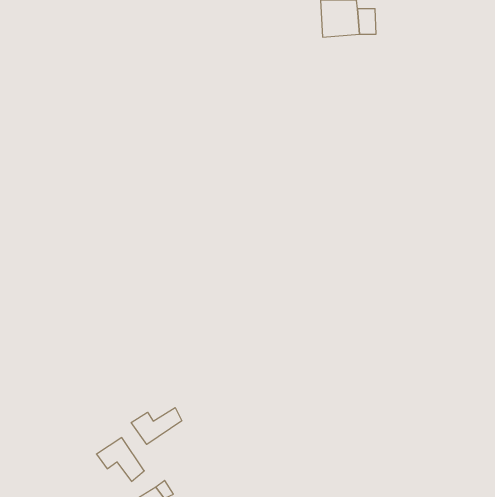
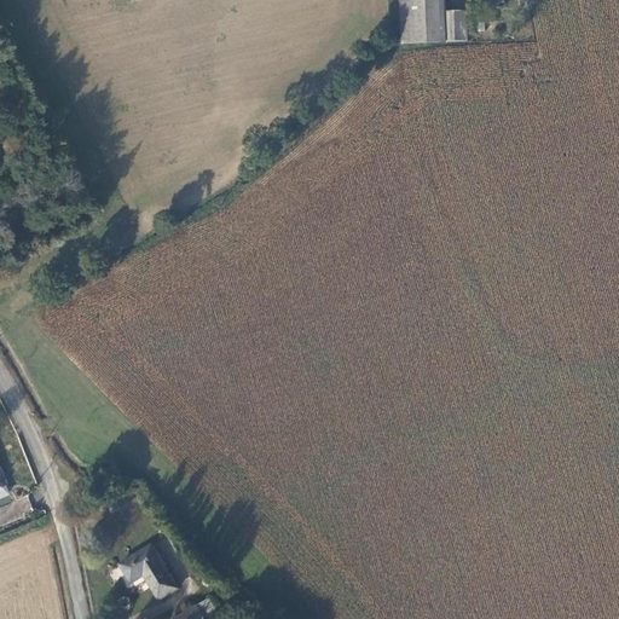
building: [131,408,182,444] -> none

